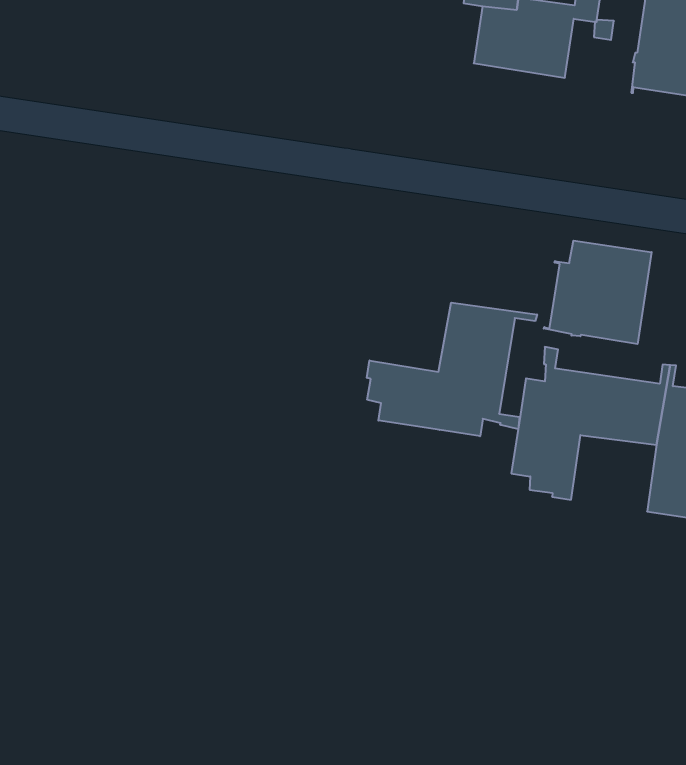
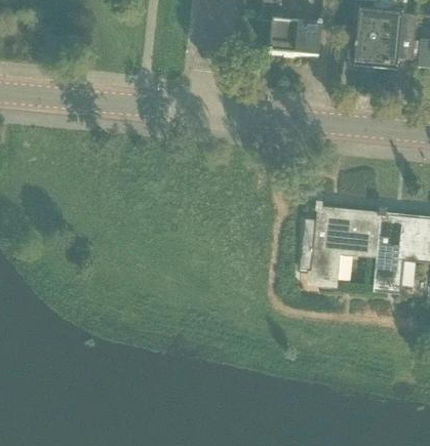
building: [544,241,652,344] -> none
building: [367,303,537,436] -> none

